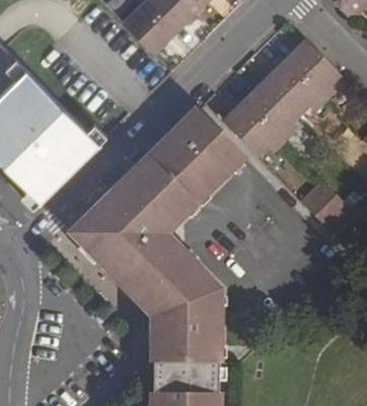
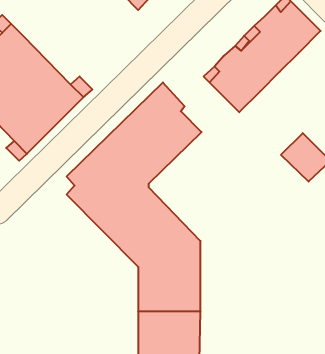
building: [179,109,243,178] -> none

